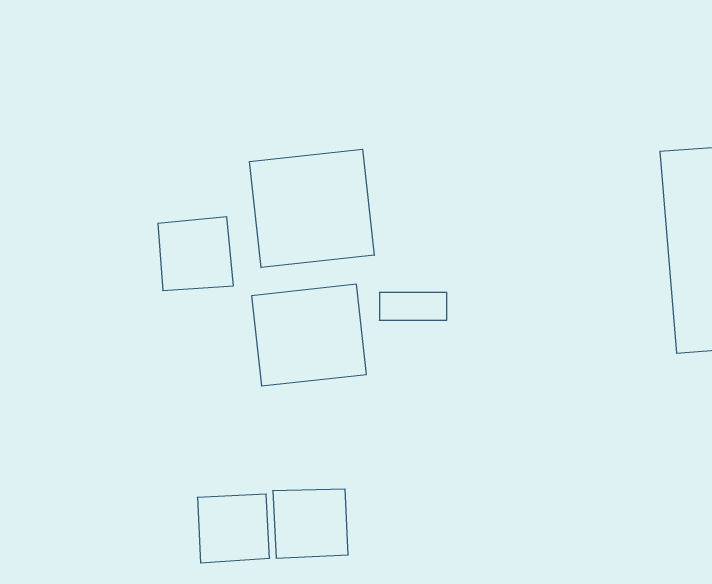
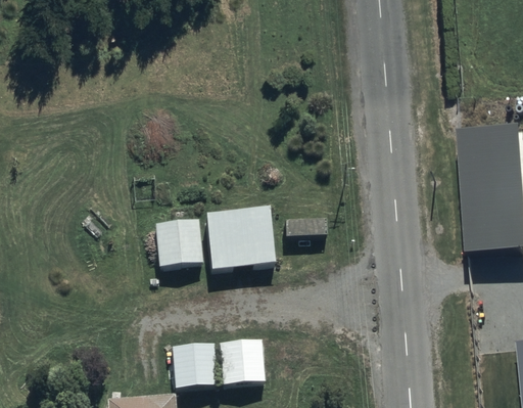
building: [249,149,374,268] -> none
building: [158,217,233,291] -> [155,221,202,267]

